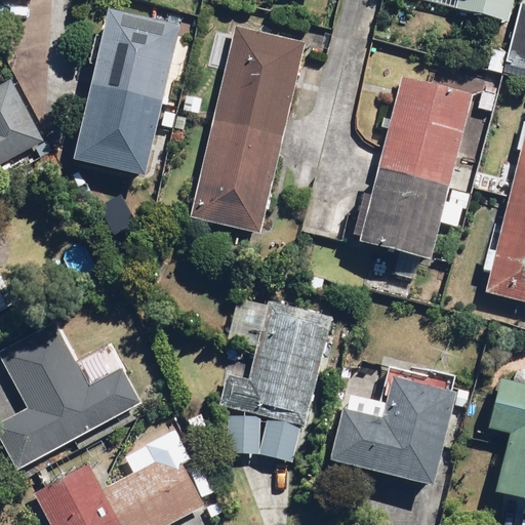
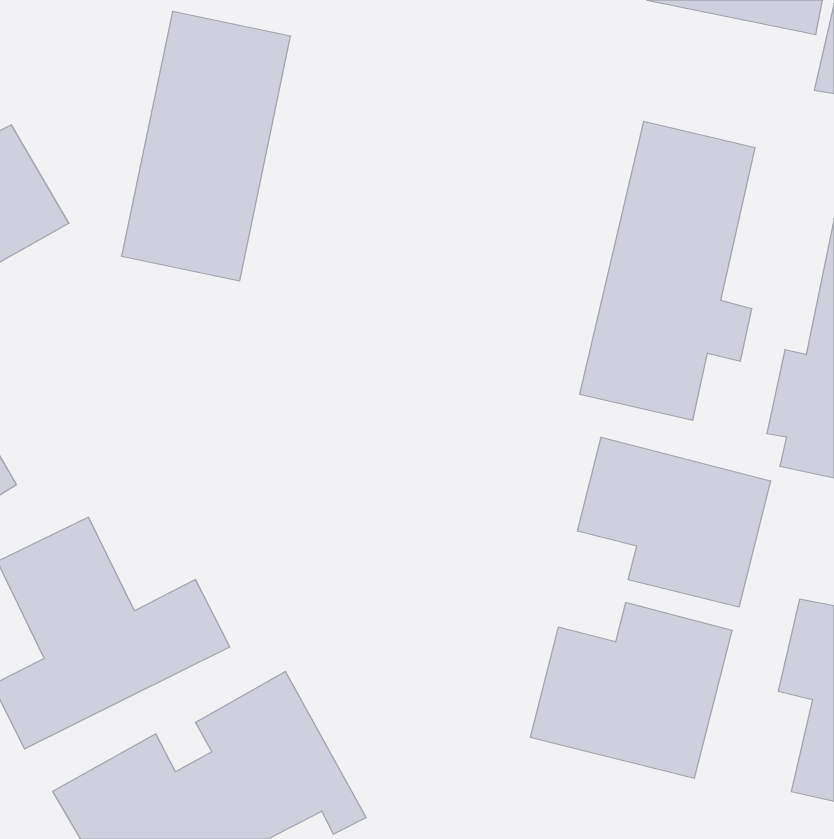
building: [193,24,302,232] -> none
building: none -> [577,437,771,607]
building: [211,293,336,467] -> none

